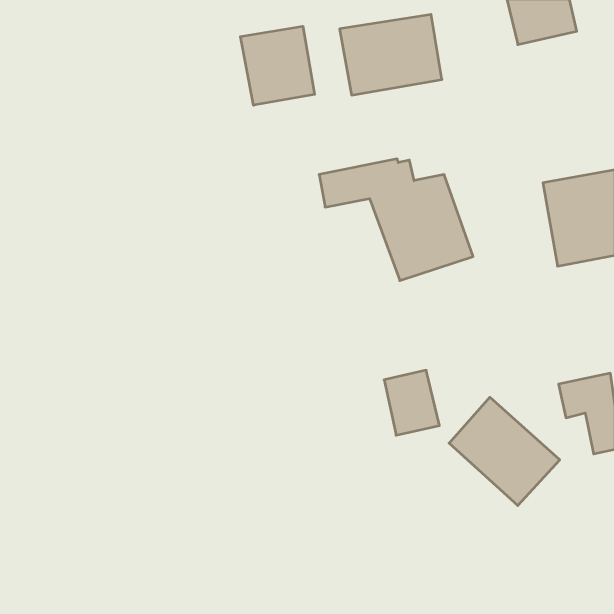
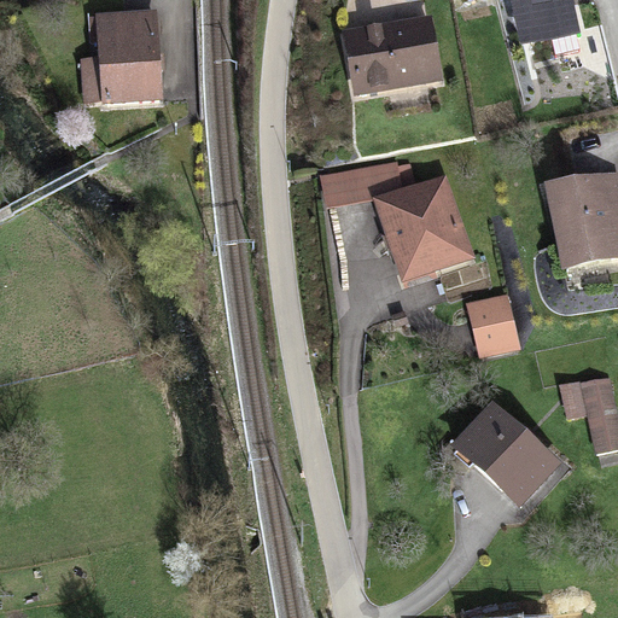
building: none -> [81,8,163,103]
building: [240,26,315,105] -> none
building: [384,370,439,435] -> [466,292,521,357]

